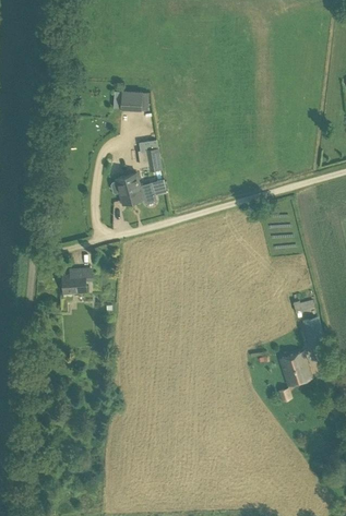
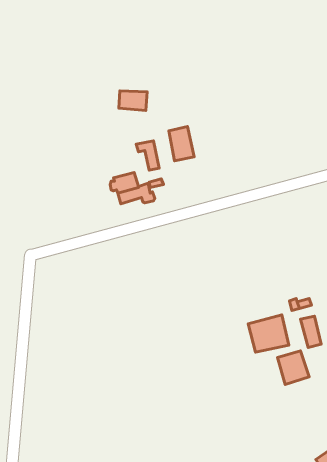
building: none -> [169,126,194,161]
building: [62,269,87,293] -> none
building: none -> [248,315,289,352]

